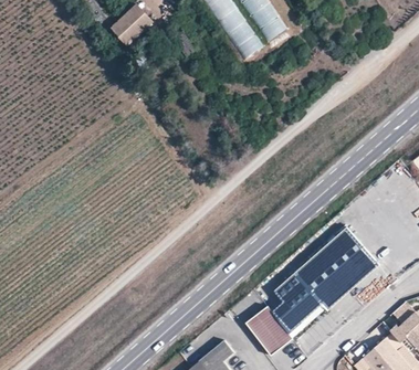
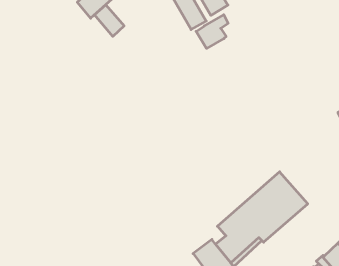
building: none -> [94,5,124,36]
building: none -> [196,15,228,48]

